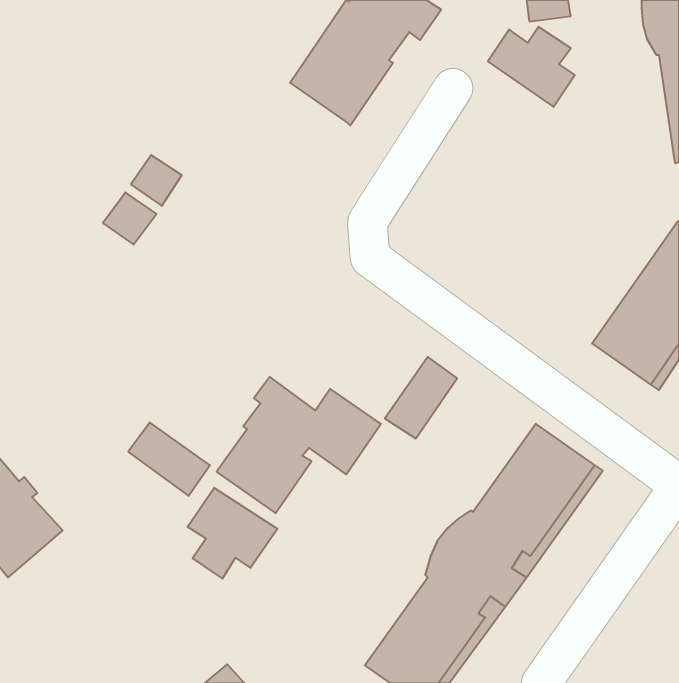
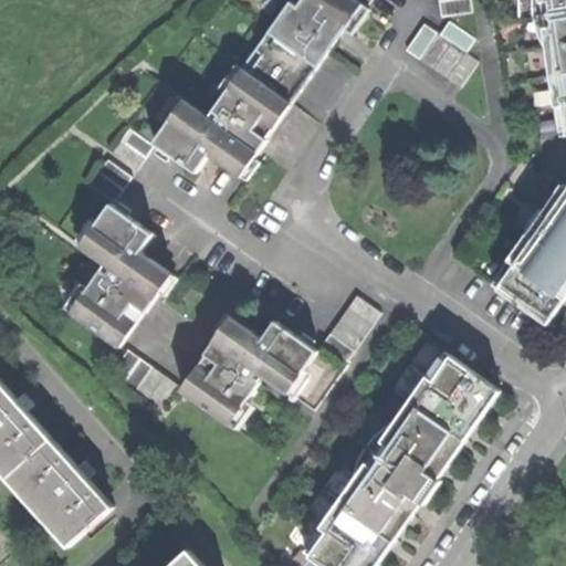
building: none -> [153,69,287,180]
building: none -> [70,205,175,346]
building: [188,488,277,579] -> none
building: none -> [7,439,112,545]

